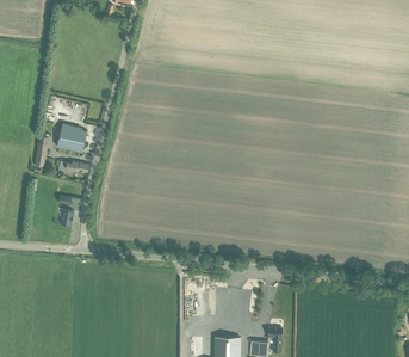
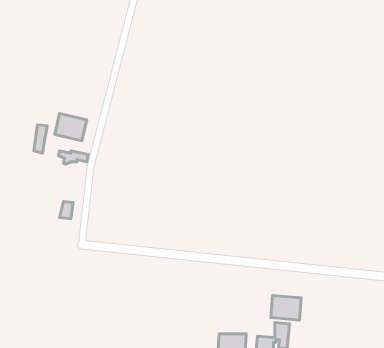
building: none -> [271,295,301,320]

